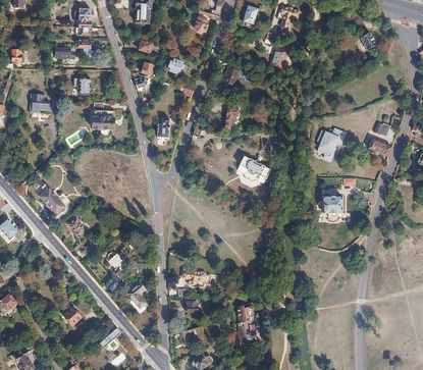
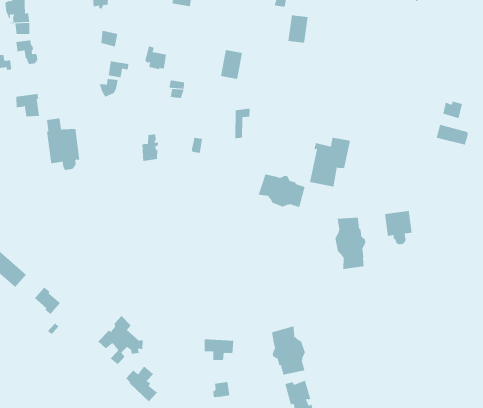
building: [312,126,346,162] -> [309,137,351,187]
building: none -> [335,217,366,270]
building: none -> [271,326,306,376]

